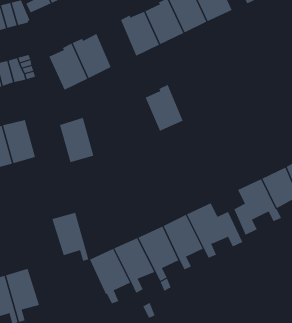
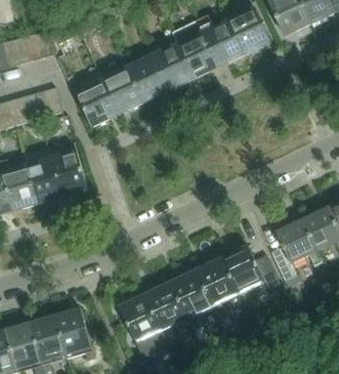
building: [145,84,184,131] -> [127,51,168,101]
building: [59,117,94,163] -> [51,149,88,197]
building: [51,212,89,262] -> [54,307,94,360]

